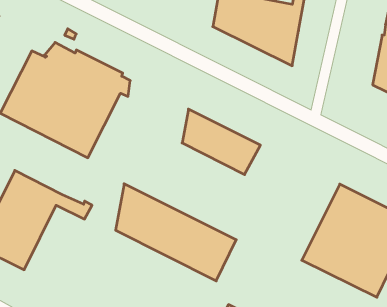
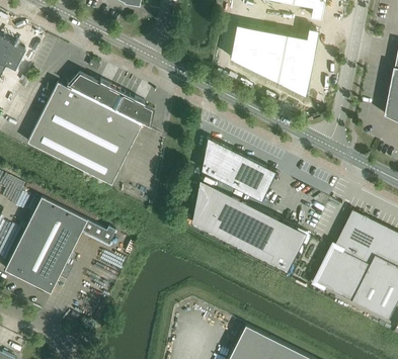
building: [116,184,236,281] -> [190,179,306,272]

